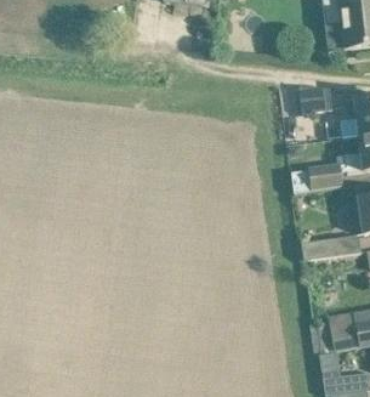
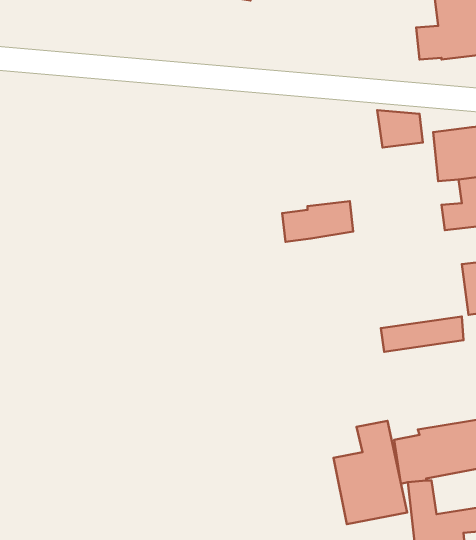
building: [291,163,342,192] -> [282,201,353,242]
building: none -> [333,421,407,524]

